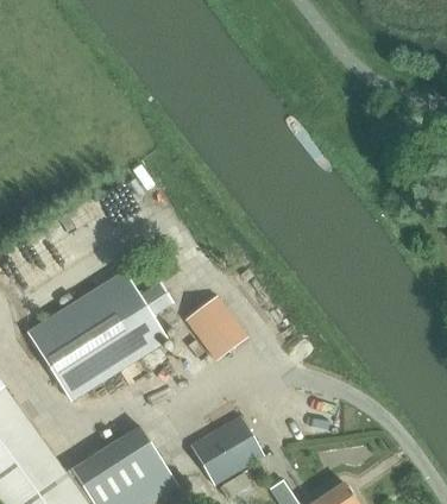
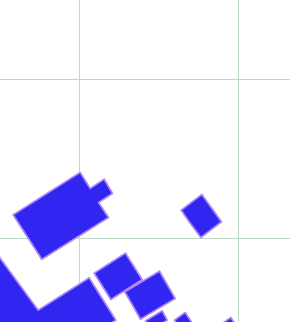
building: [187,297,245,359] -> [181,194,222,237]
building: none -> [94,253,142,300]

